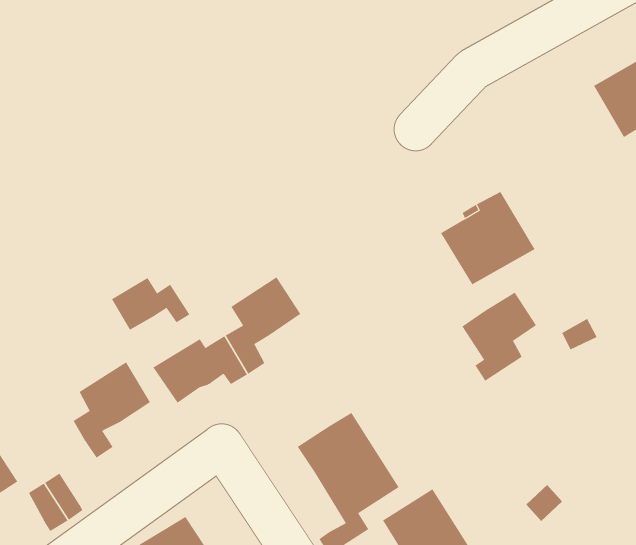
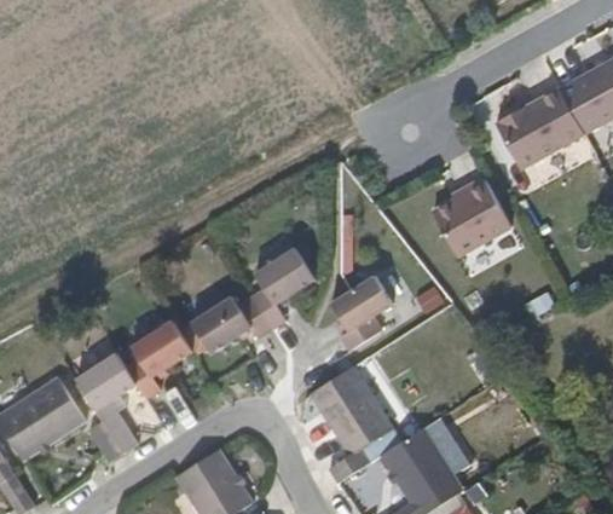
building: none -> [496,88,585,171]
building: [111,277,190,330] -> none
building: [462,292,537,381] -> [331,275,394,350]
building: none -> [74,356,134,412]

